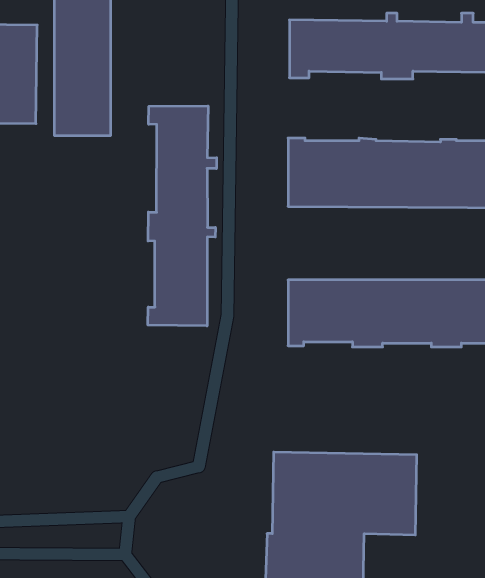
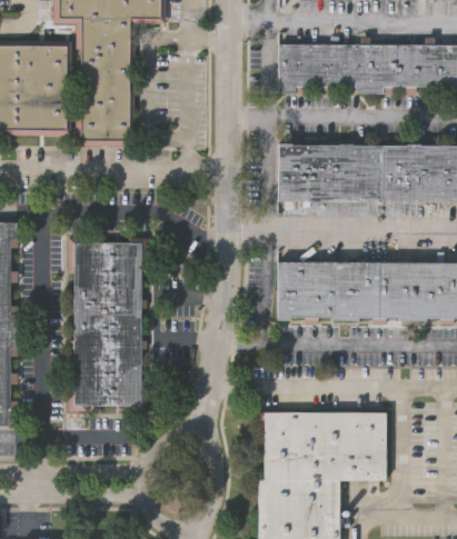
building: [148,106,217,326] -> none
building: none -> [67,239,147,412]

